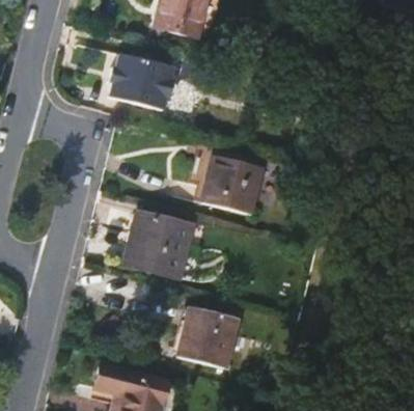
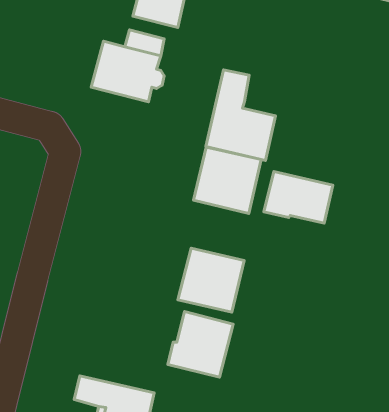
building: none -> [206,70,275,160]
building: none -> [264,172,333,223]
building: [127,214,188,273] -> [178,248,244,312]

